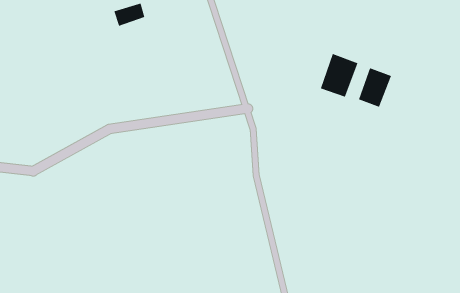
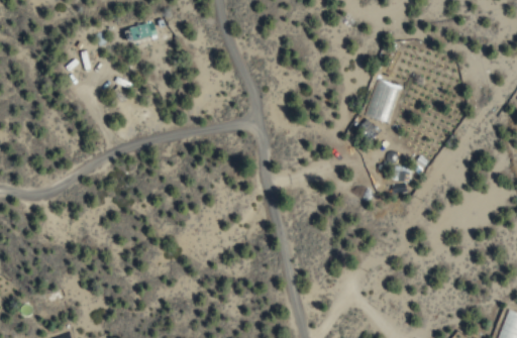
building: [320,53,358,97] -> none

